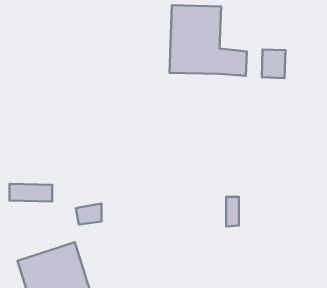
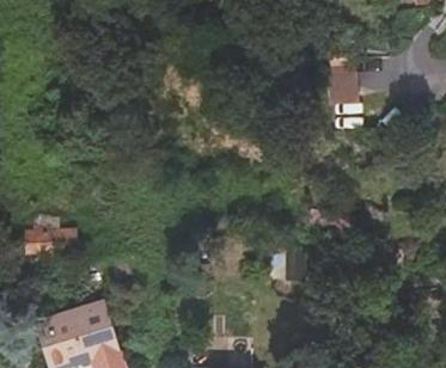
building: [170,5,247,76] -> none

